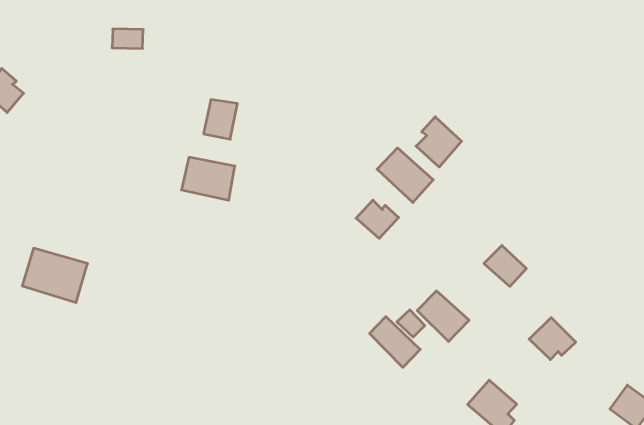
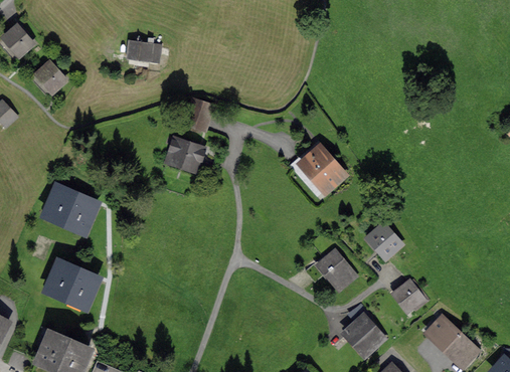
building: [416,117,462,167] -> none
building: [356,200,399,238] -> none
building: [370,317,420,367] -> none
building: none -> [47,263,96,305]
building: none -> [428,318,459,348]

